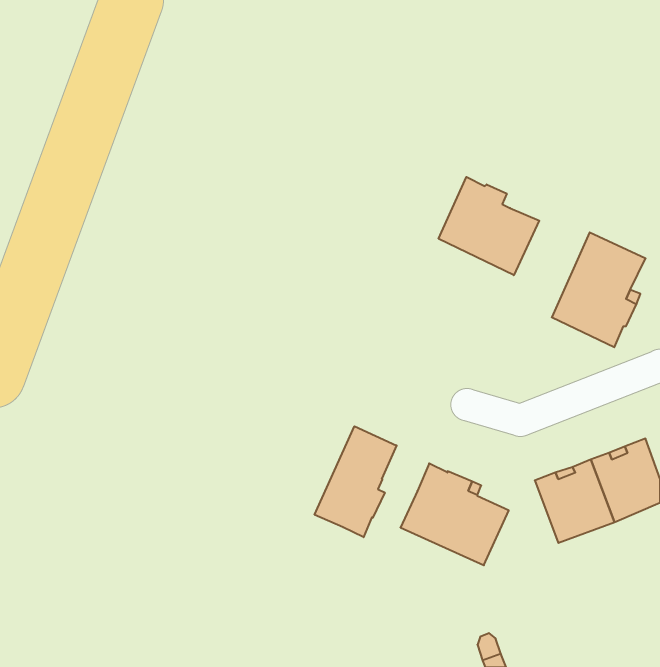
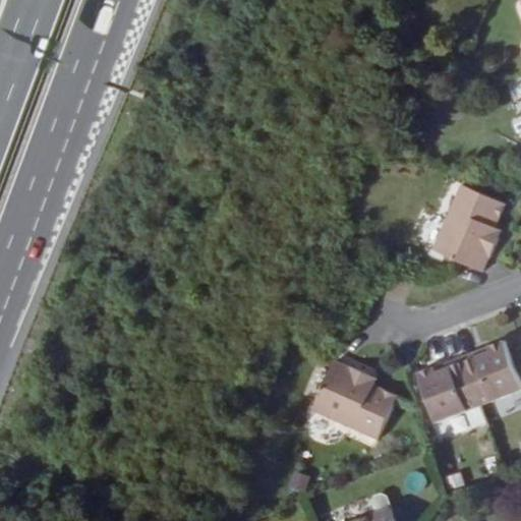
building: [439,177,539,275] -> none
building: [315,426,397,537] -> none

